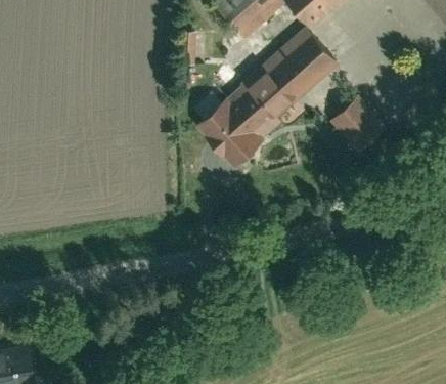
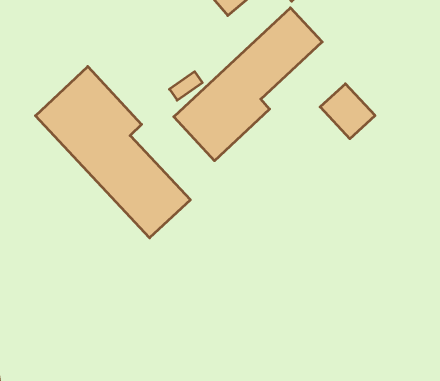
building: none -> [35,66,190,238]

